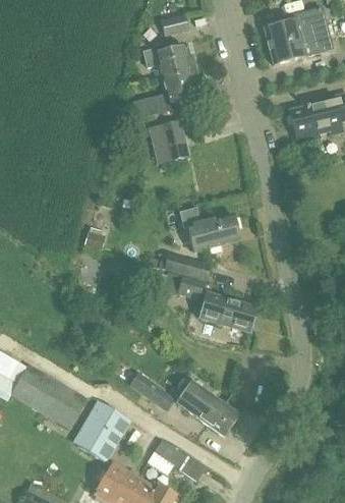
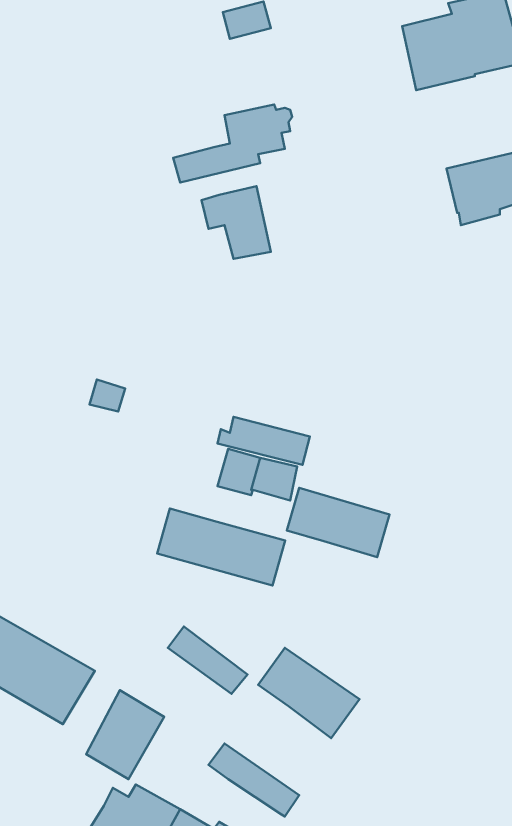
building: [142,44,196,78] -> none
building: [179,208,240,253] -> none
building: none -> [157,508,285,586]

